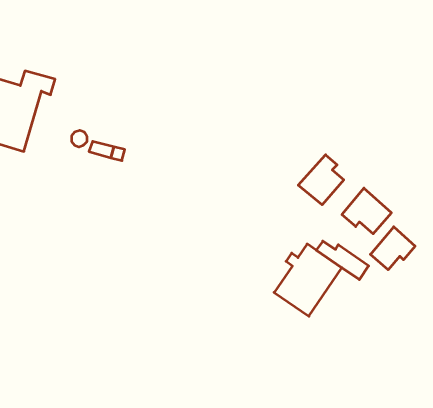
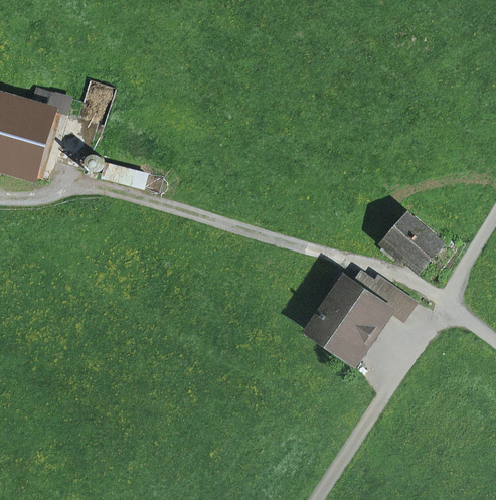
building: [298,155,344,205] -> none
building: [370,227,415,270] -> none

